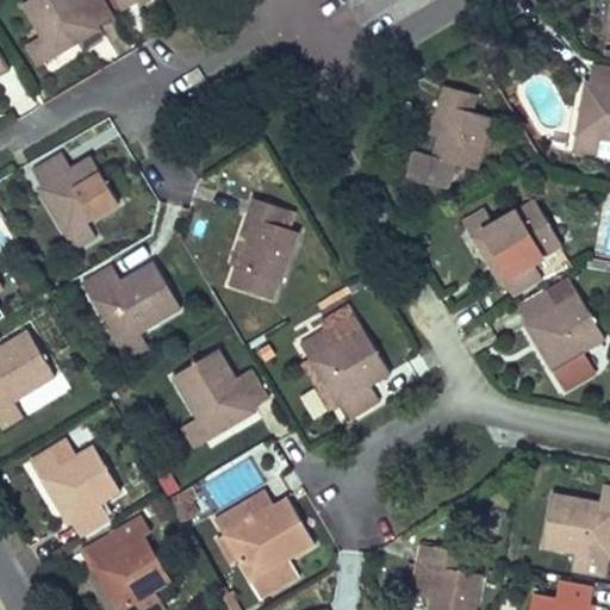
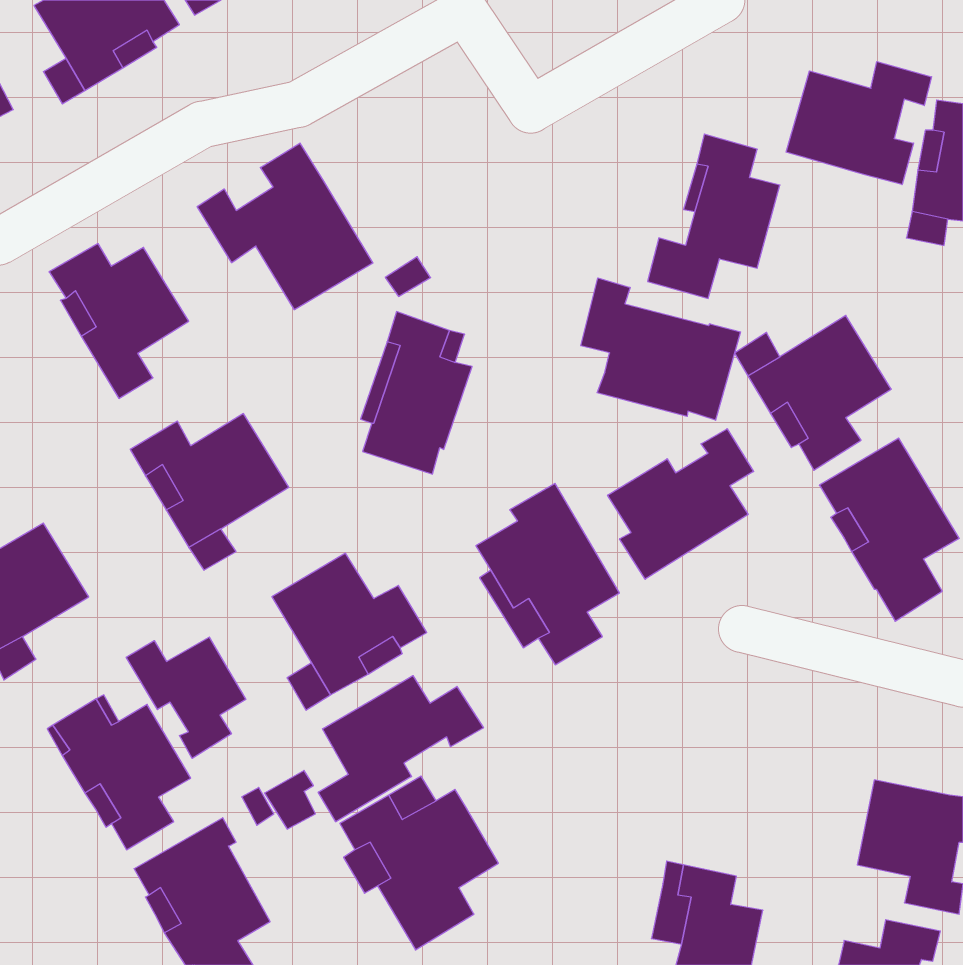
building: none -> [786,62,932,185]
building: none -> [197,143,373,310]
building: none -> [581,278,740,420]
building: none -> [608,429,754,579]
building: none -> [126,637,246,758]
building: none -> [318,676,483,822]

